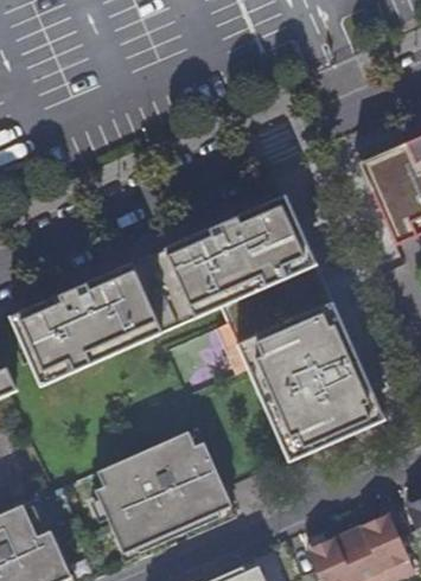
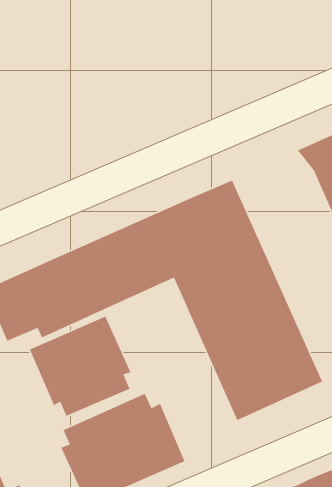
building: none -> [29,315,132,417]

